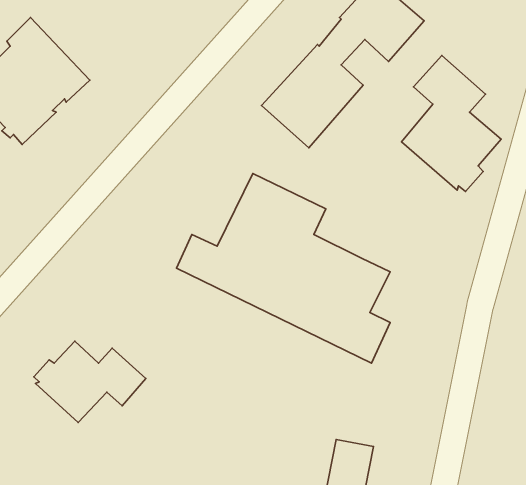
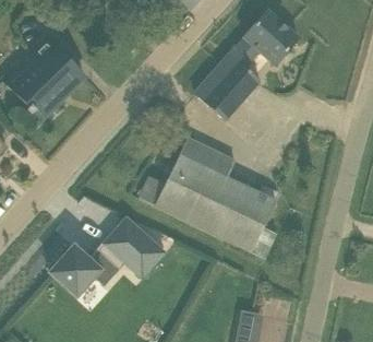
building: [401,56,501,192] -> none
building: none -> [101,215,165,278]

